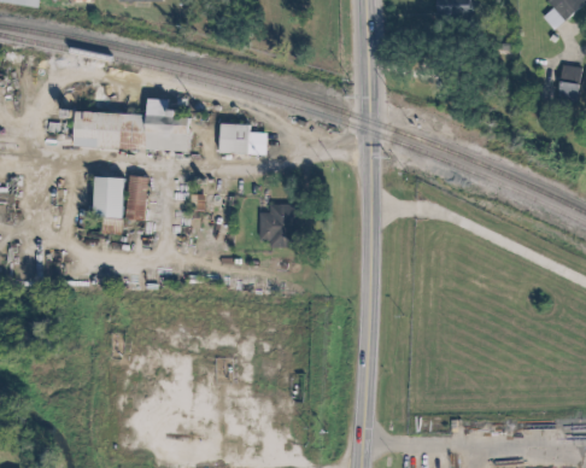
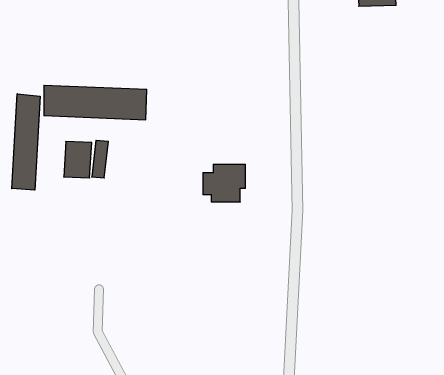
building: none -> [12,94,40,190]
building: [217,123,263,153] -> none

